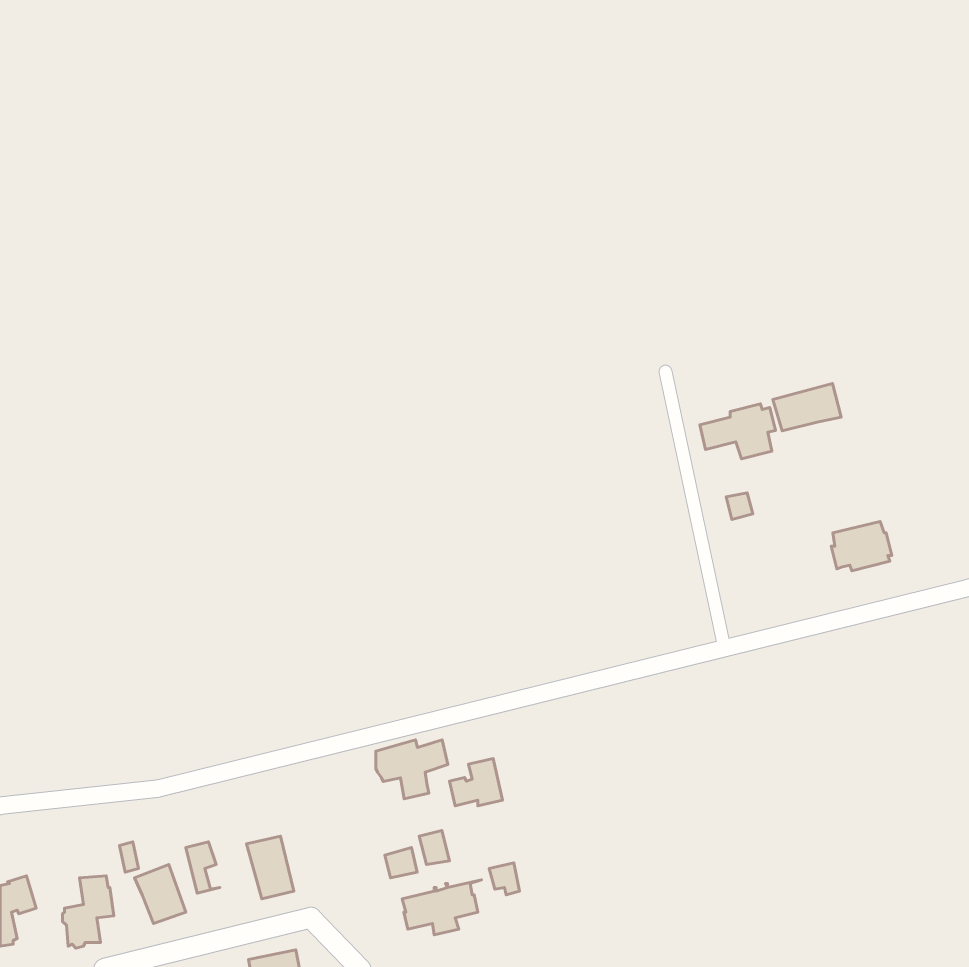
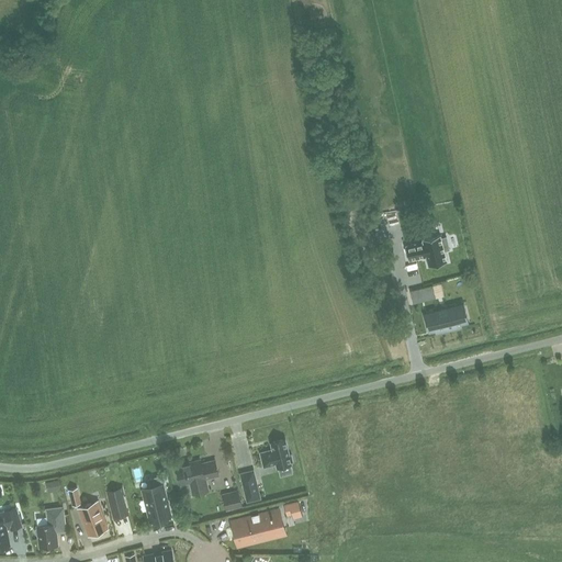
building: [773,383,841,431] -> none
building: [831,521,892,571] -> [428,305,463,334]
building: [376,740,448,799] -> [177,461,218,495]

